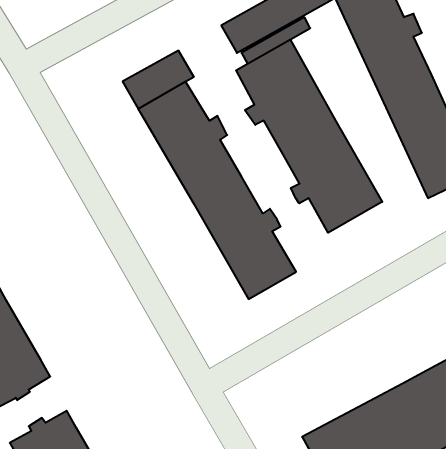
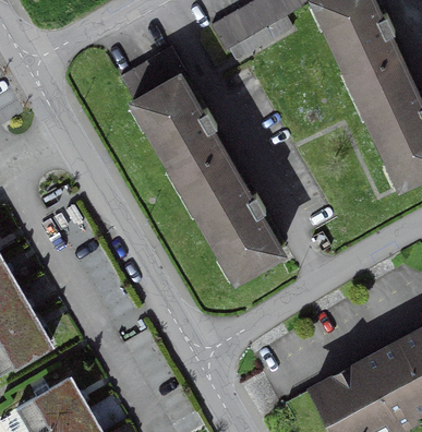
building: [236,39,382,233] -> none

